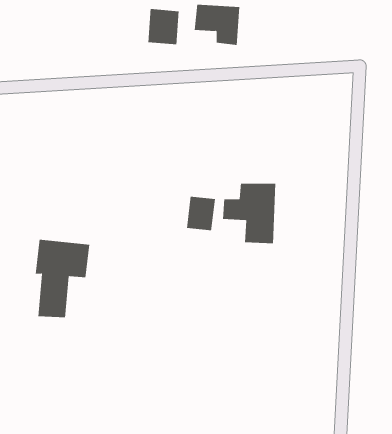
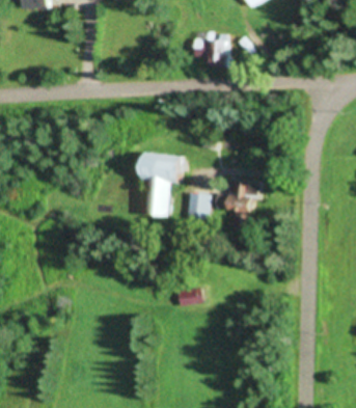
building: [148,8,179,45] -> none
building: [35,239,90,318] -> [145,152,190,215]

